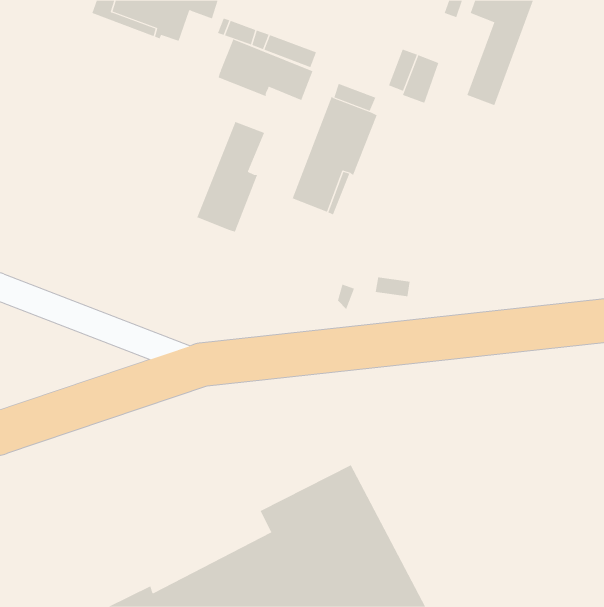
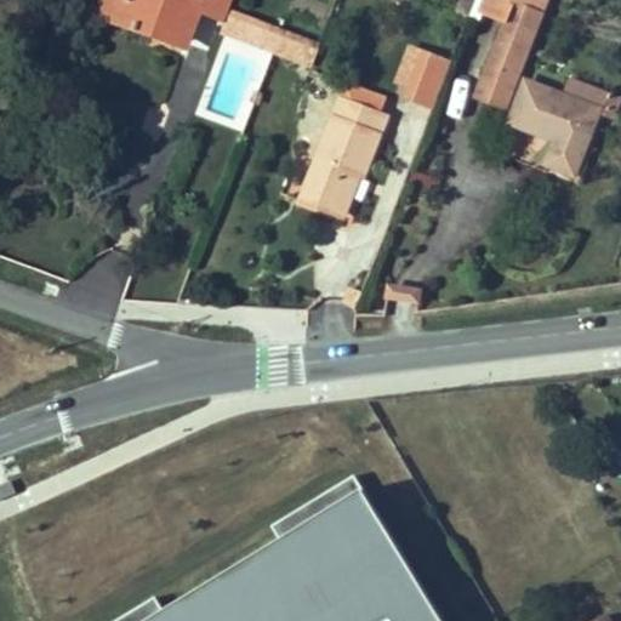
building: [218,39,313,101] -> none
building: none -> [509,81,611,176]
building: [197,121,265,232] -> none

